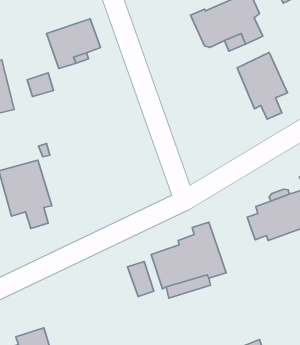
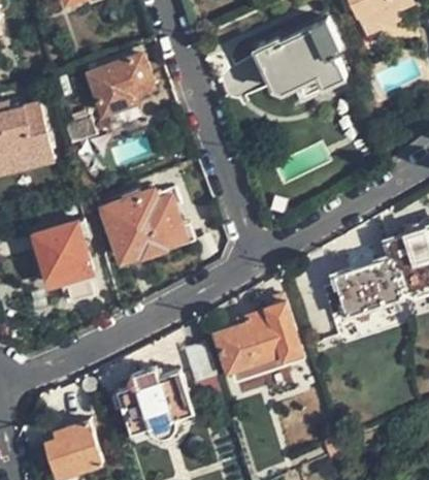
building: [237,53,287,119] -> none
building: none -> [104,191,182,260]
building: none -> [117,369,190,436]

